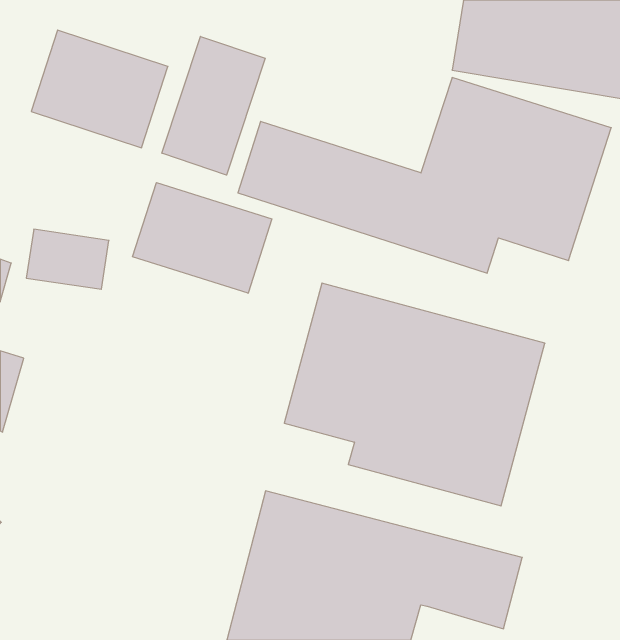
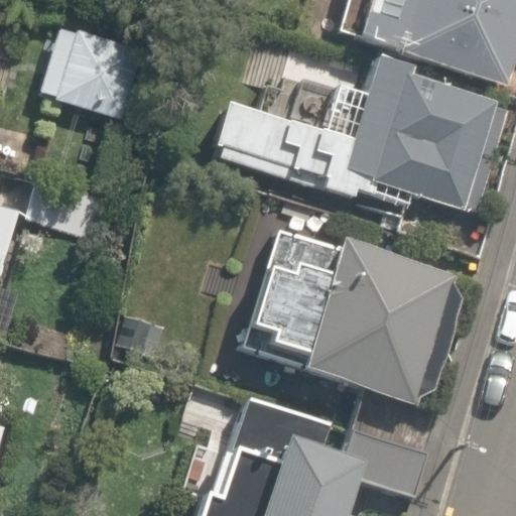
building: [162,36,265,175] -> none
building: [133,183,272,293] -> none

